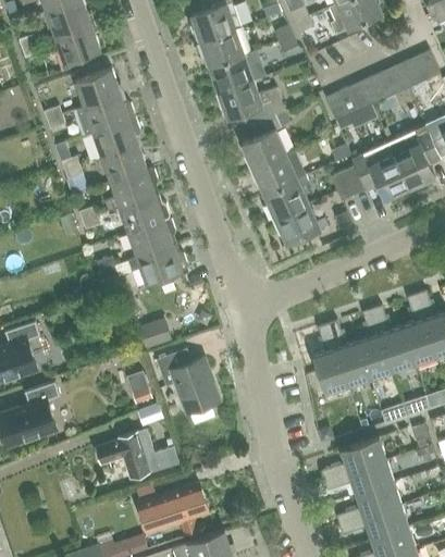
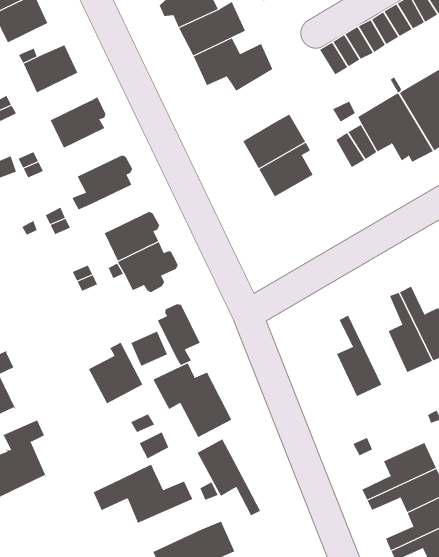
building: [84,96,135,133] -> none
building: [242,111,291,169] -> none
building: [101,145,147,183] -> none
building: [119,195,170,233] -> none
building: [274,203,320,244] -> none
building: none -> [157,304,200,366]
building: [325,321,369,386] -> none
building: none -> [88,342,143,404]
building: none -> [197,438,261,516]

